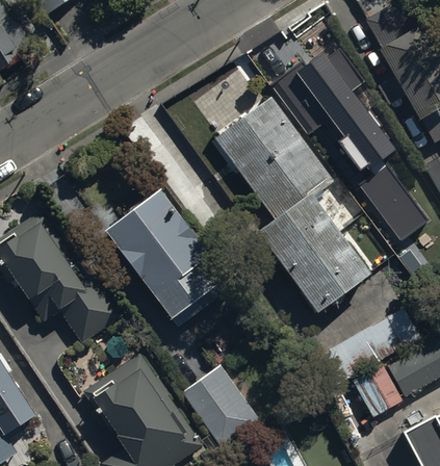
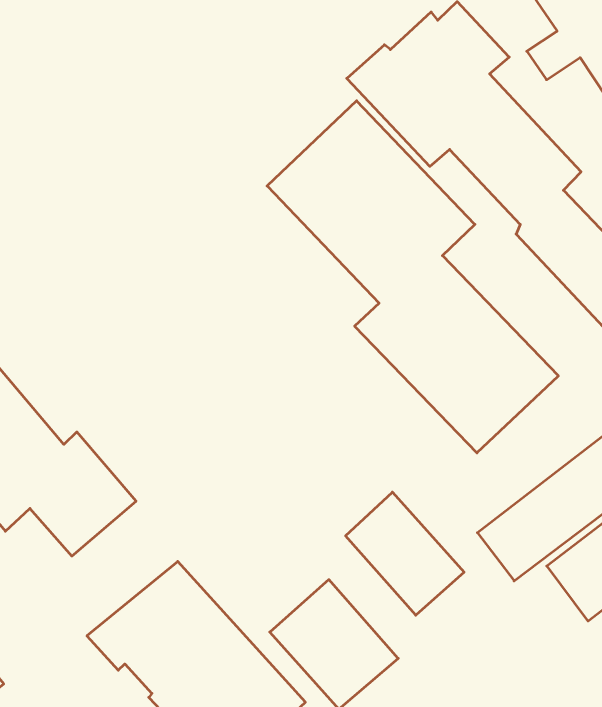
building: [102,183,231,323] -> none
building: none -> [346,492,464,615]

